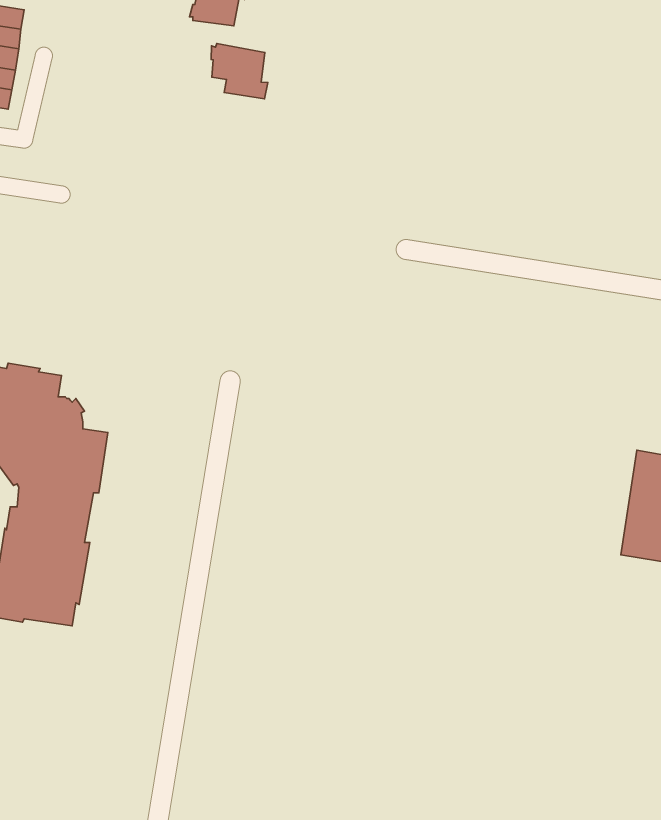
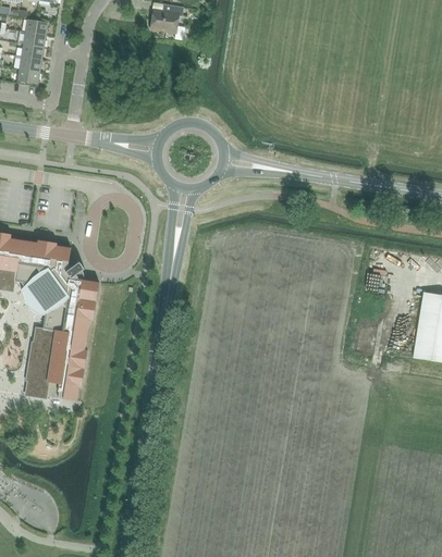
building: [211,44,268,99] -> none

